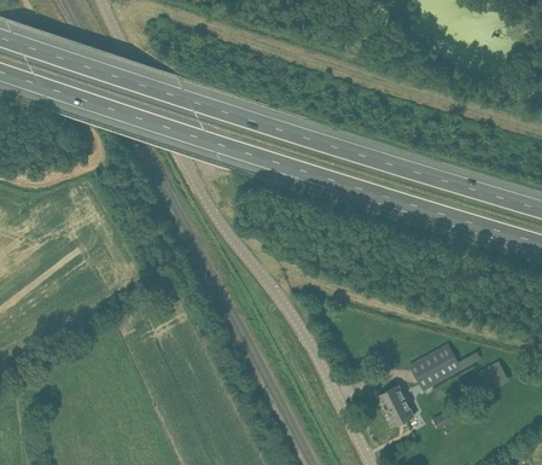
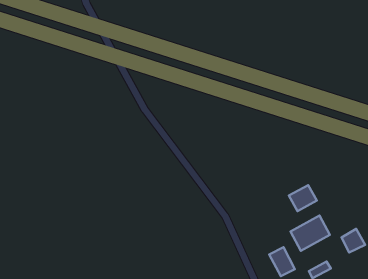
building: none -> [289,185,317,211]

